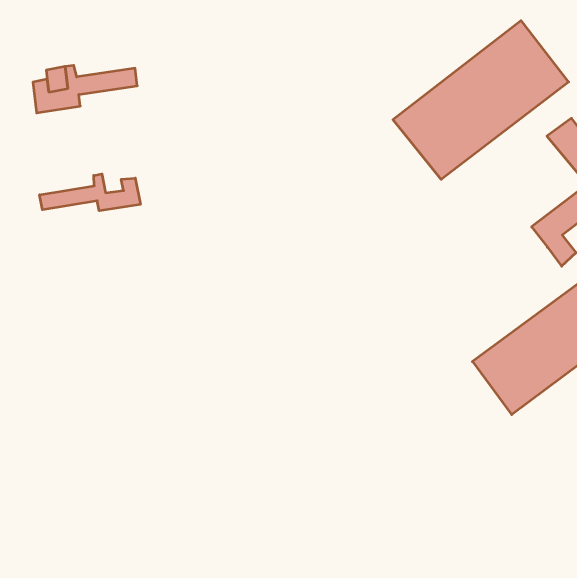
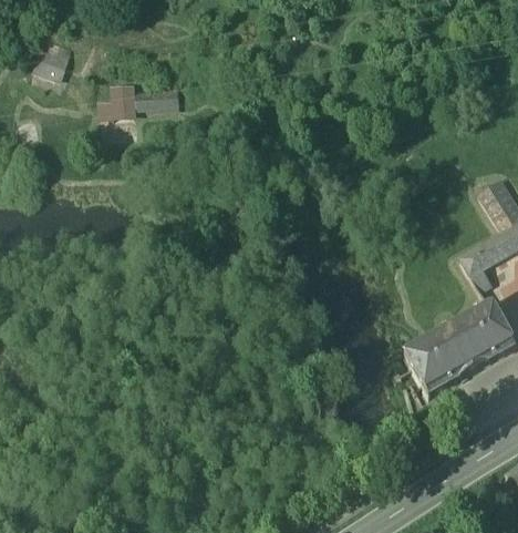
building: [393,21,569,179] -> none
building: [40,174,140,211] -> none

